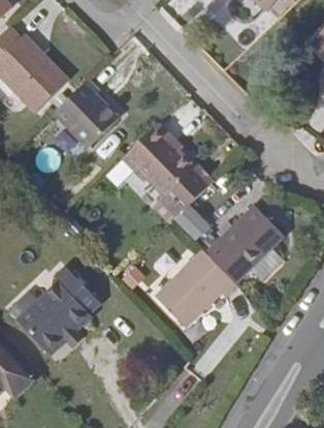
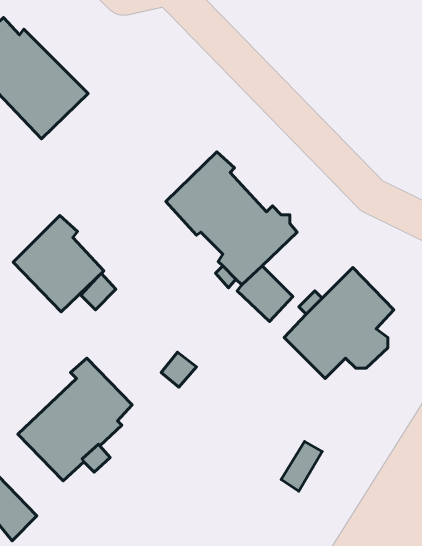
building: [54,80,118,148] -> [13,215,104,312]
building: [155,249,237,327] -> none

